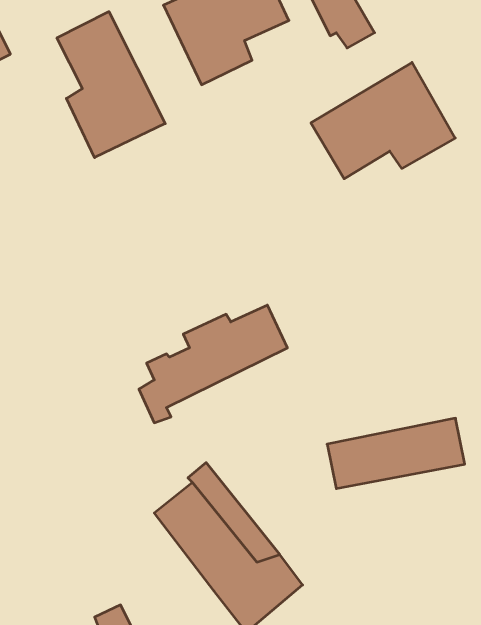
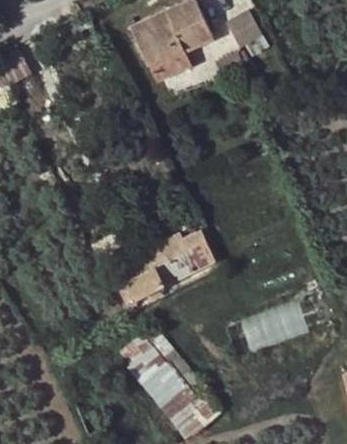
building: [57,12,165,158] -> none
building: [311,62,455,179] -> none

